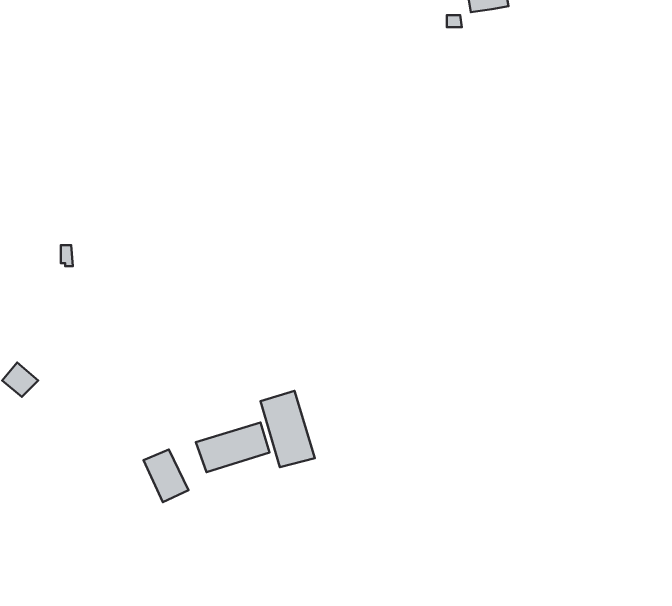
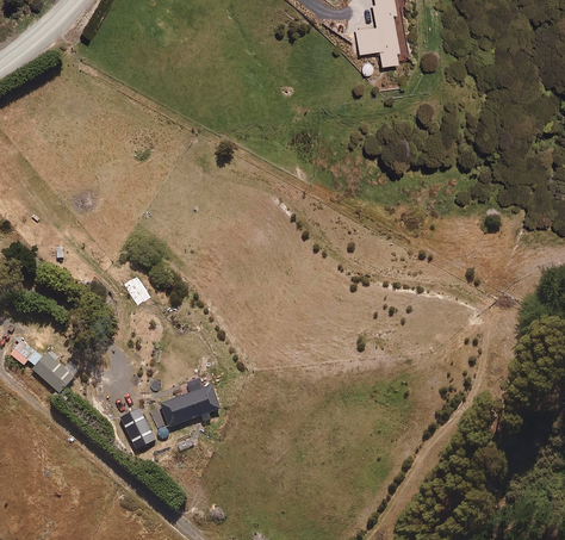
building: none -> [32,353,75,395]
building: [261,391,315,467] -> none

